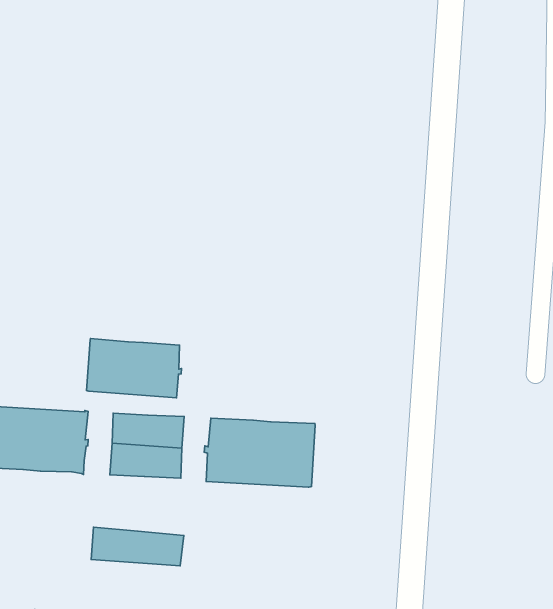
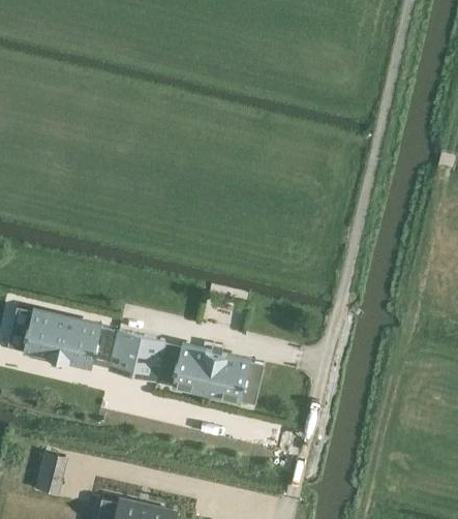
building: [86,338,182,398] -> none
building: [91,527,184,566] -> none

